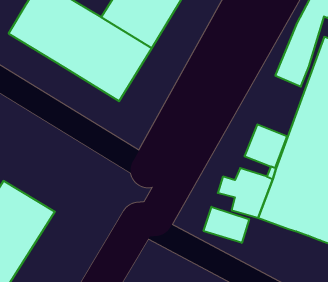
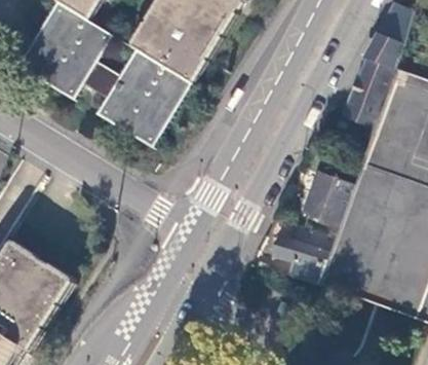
building: [204,207,249,243] -> none

